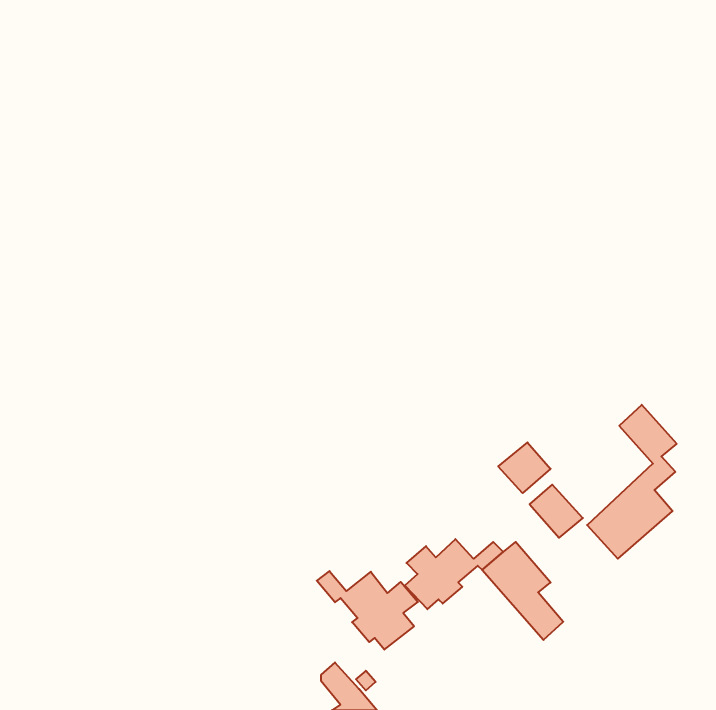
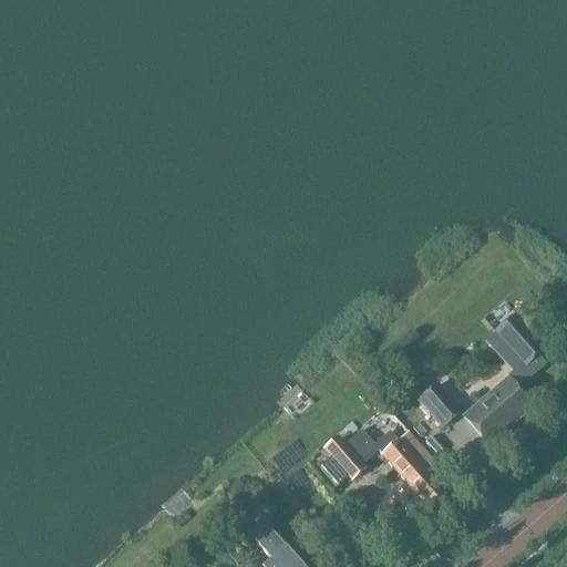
building: [498,442,551,493] -> none
building: [317,571,418,650] -> none

